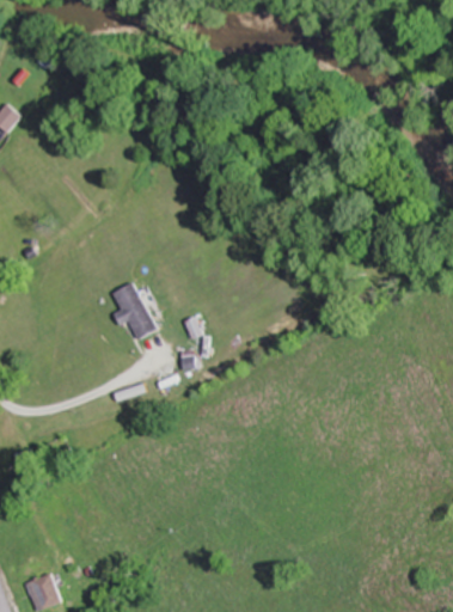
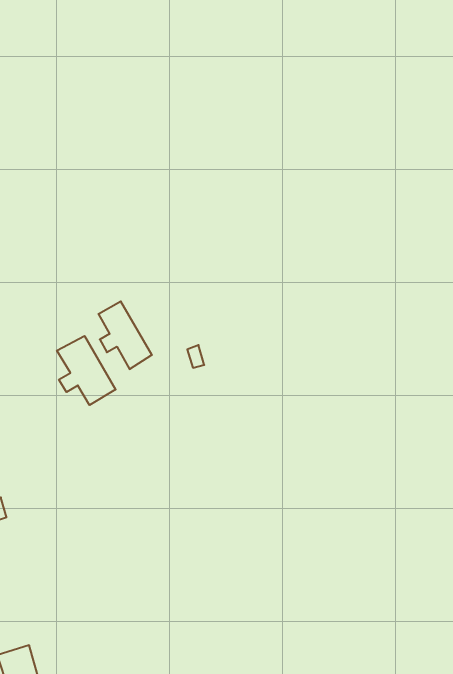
building: none -> [57,336,116,405]

